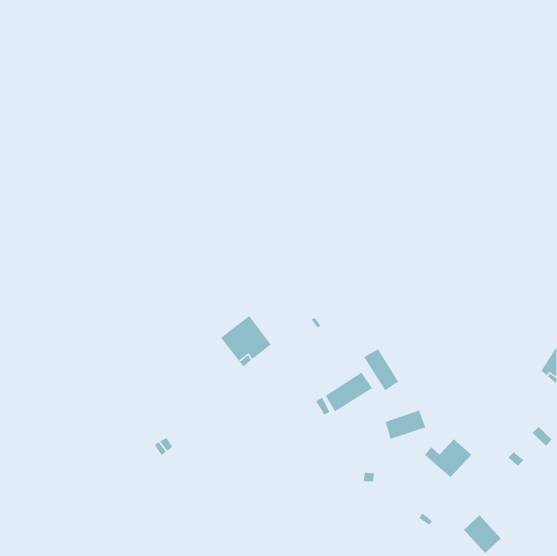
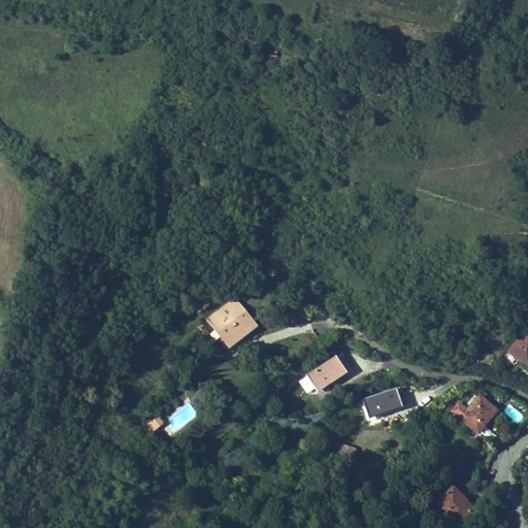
building: [363,348,399,391] -> none
building: [424,439,472,478] -> [453,395,498,432]

